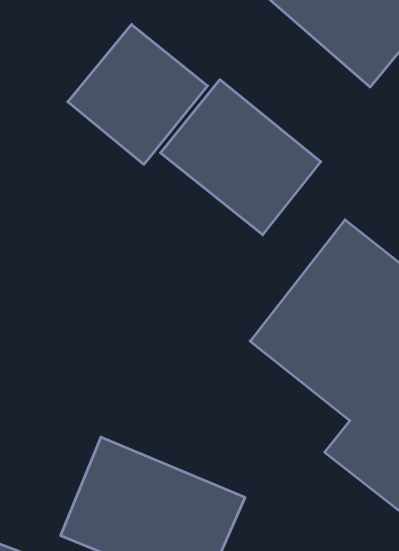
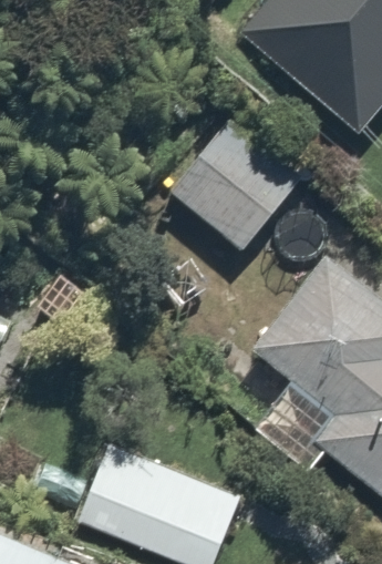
building: [68,24,208,164] -> none

